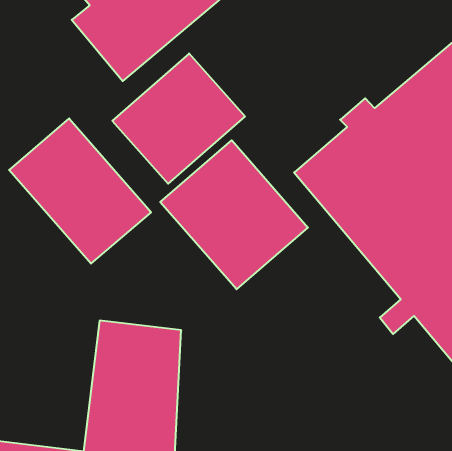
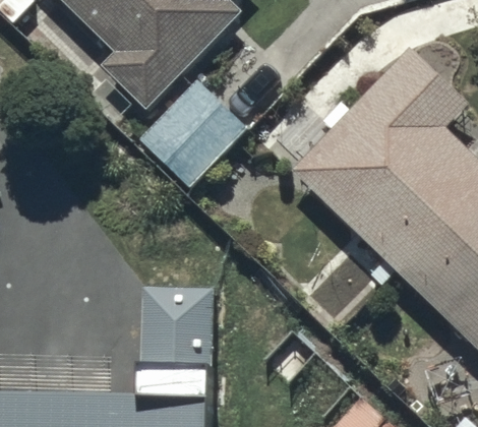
building: [9,118,151,264] -> none
building: [160,140,308,289] -> none

